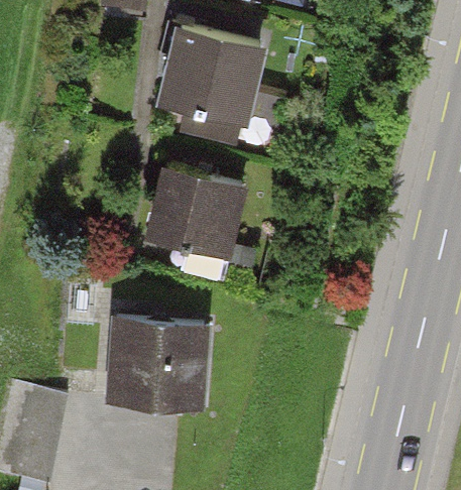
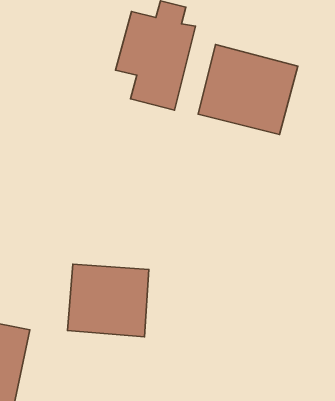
building: none -> [198,45,298,134]
building: [150,168,241,282] -> none

